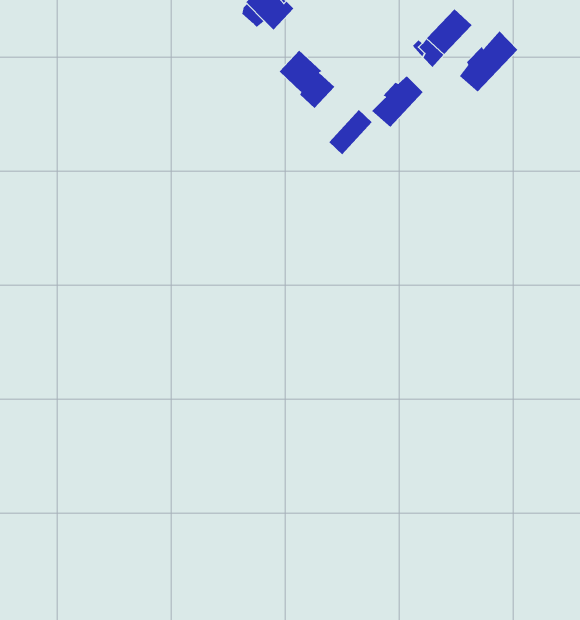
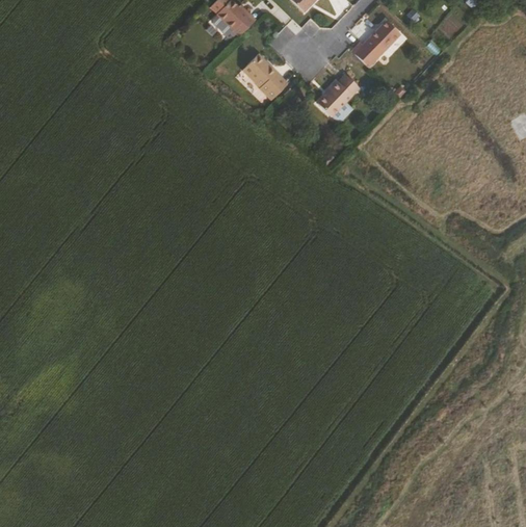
building: [459,31,518,93] -> none
building: [328,109,373,155] -> none

